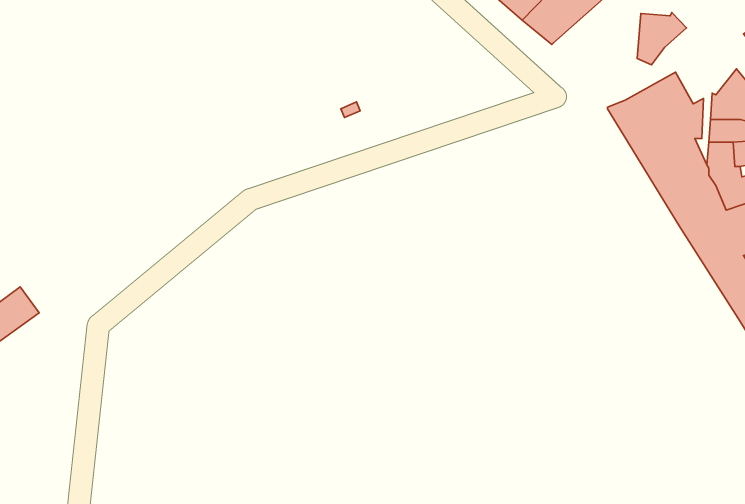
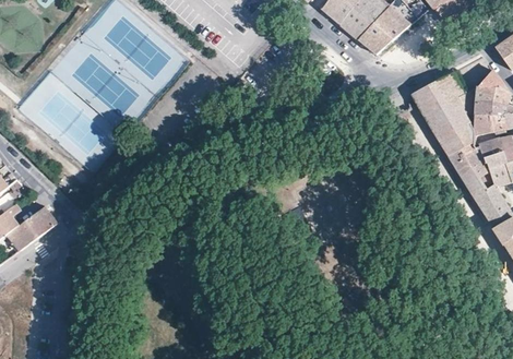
building: [637,13,687,65] -> none

